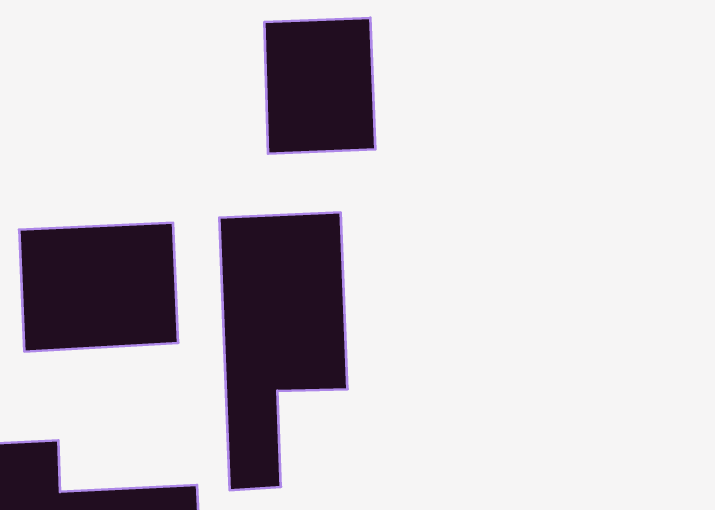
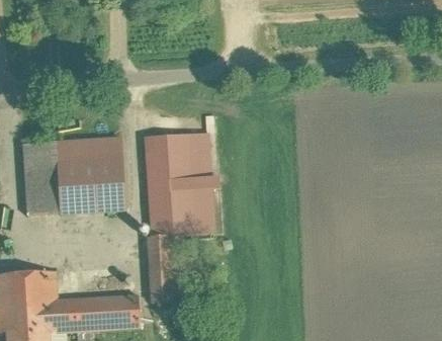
building: [265,18,375,154] -> none

